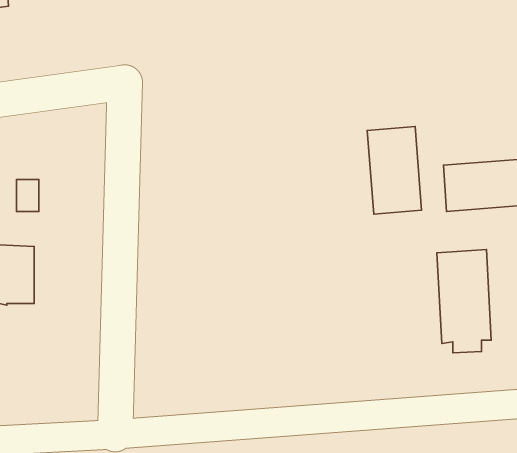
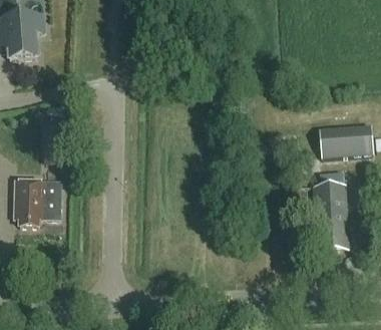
building: [367,126,422,214] -> none

